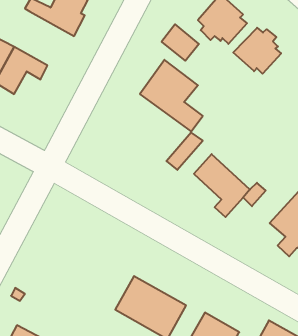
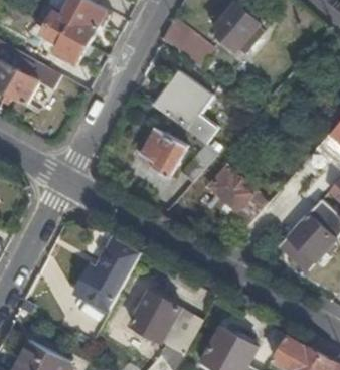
building: none -> [38,19,87,63]
building: [233,28,281,74] -> none
building: none -> [140,127,187,176]
building: none -> [82,241,139,310]

